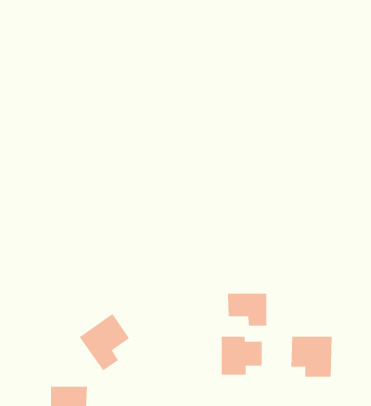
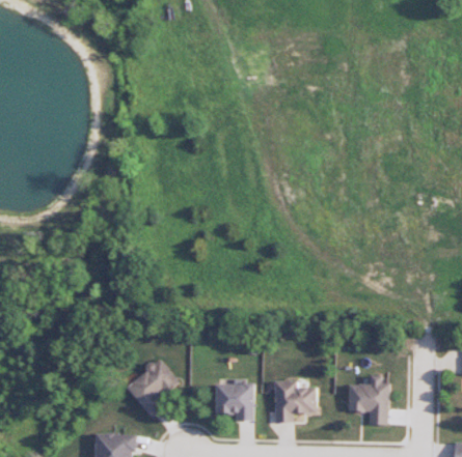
building: [228,293,267,326] -> none
building: none -> [216,382,255,419]

